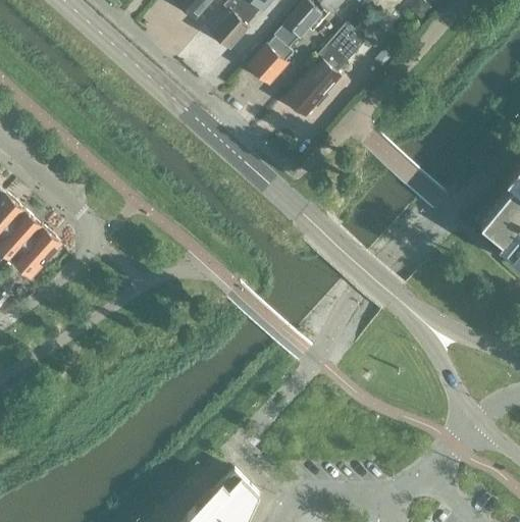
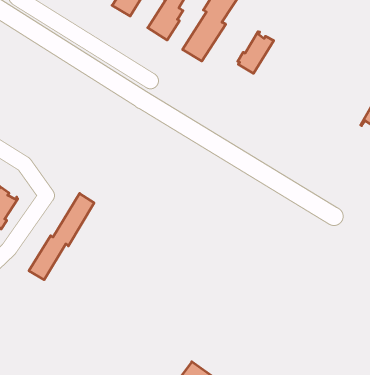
building: none -> [238,32,274,73]
building: none -> [29,193,94,280]

